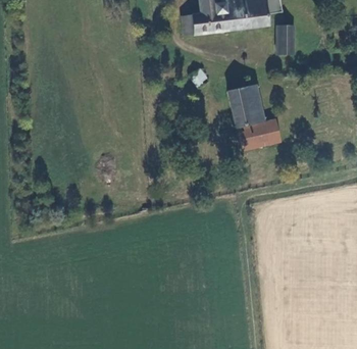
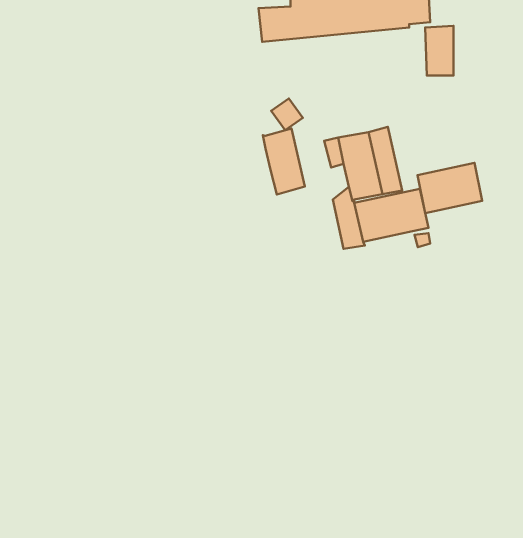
building: none -> [263,129,305,195]
building: none -> [417,163,482,213]

